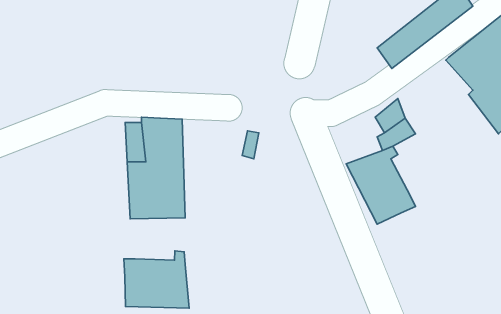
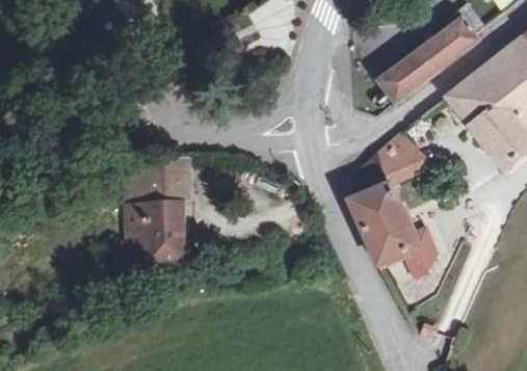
building: none -> [403,223,437,272]
building: [124,251,189,308] -> none

